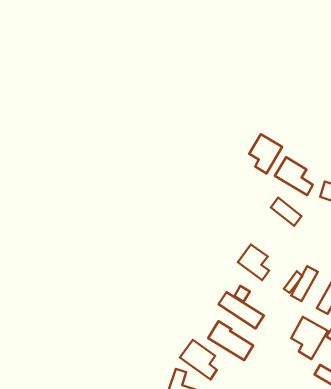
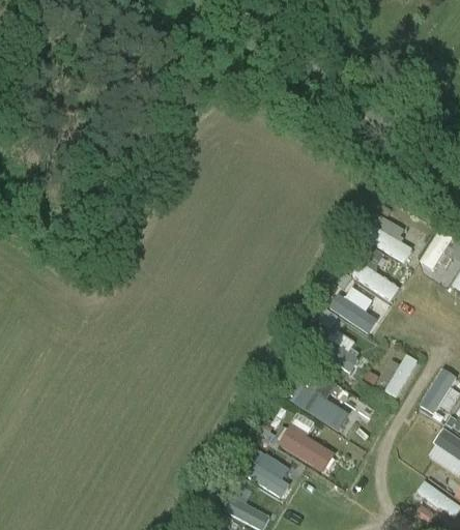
building: [249,134,282,173] -> none
building: none -> [339,289,378,334]
building: [291,317,328,359] -> none

